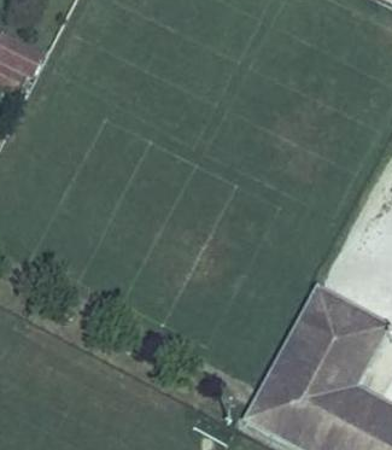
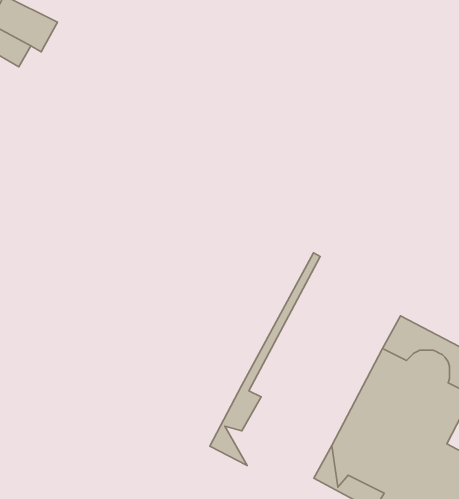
building: none -> [210,253,320,465]

